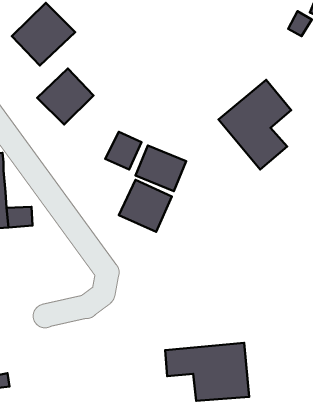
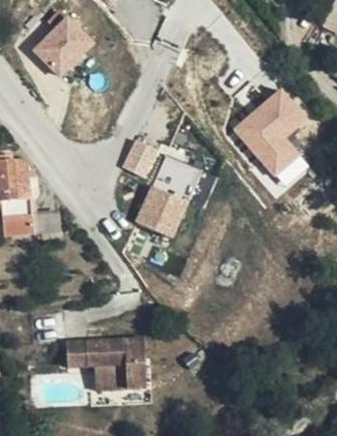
building: [37,68,94,124] -> none
building: [165,343,249,401] -> [66,334,147,391]

